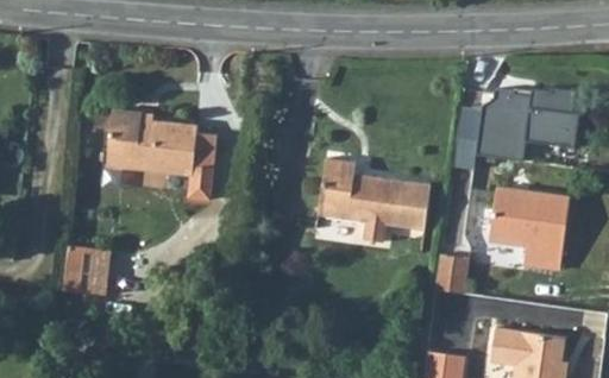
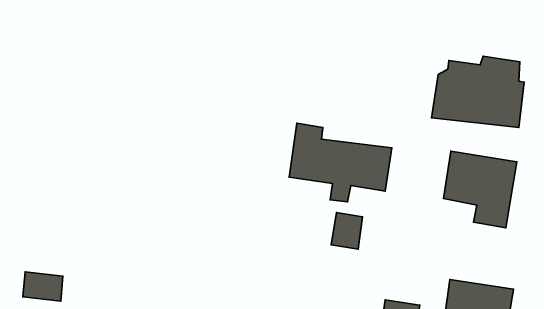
building: [106,108,215,196] -> none
building: [434,253,469,294] -> [331,213,363,249]
building: [61,260,105,292] -> [23,272,63,301]

